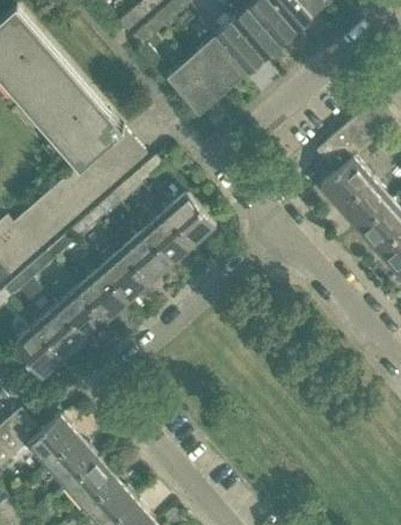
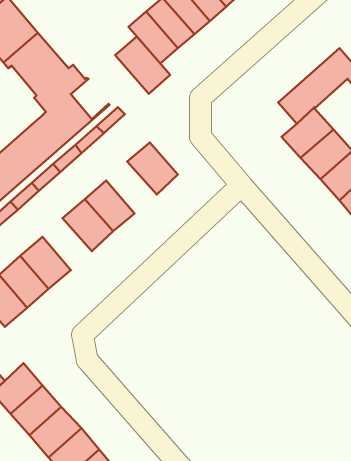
building: none -> [115,37,170,94]
building: [142,212,193,264] -> none
building: [78,269,128,321] -> none

